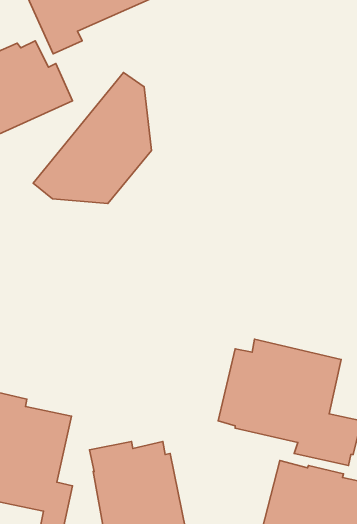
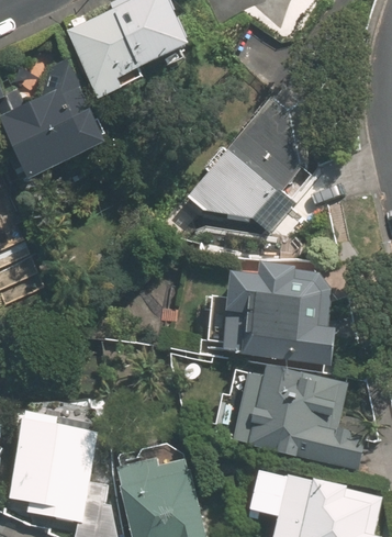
building: [33,72,151,204] -> [190,96,298,215]
building: none -> [225,261,335,361]

